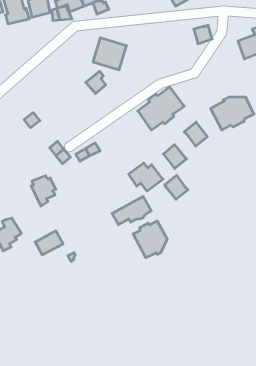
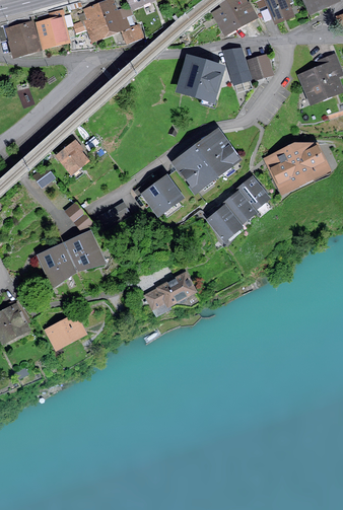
building: none -> [224,49,250,83]
building: [93,38,127,70] -> [180,59,222,99]
building: [86,71,106,94] -> [59,142,84,170]
building: [129,163,163,191] -> [136,176,180,212]
building: none -> [67,235,101,268]
building: [165,175,188,199] -> [223,193,253,223]
building: [133,221,167,258] -> none

